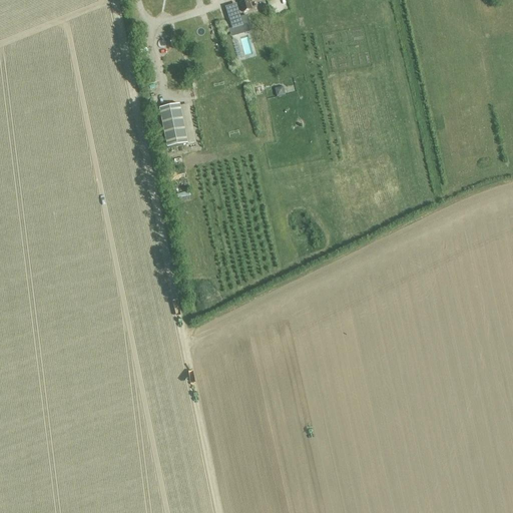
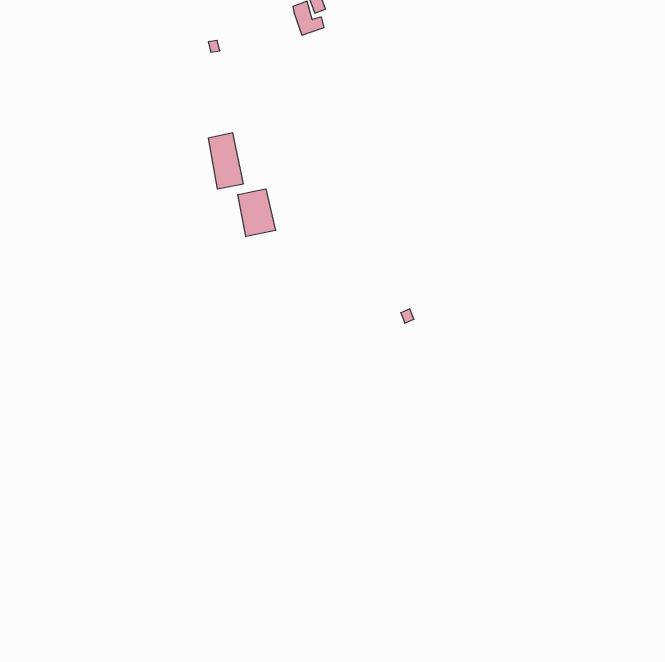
building: none -> [238,189,276,237]

